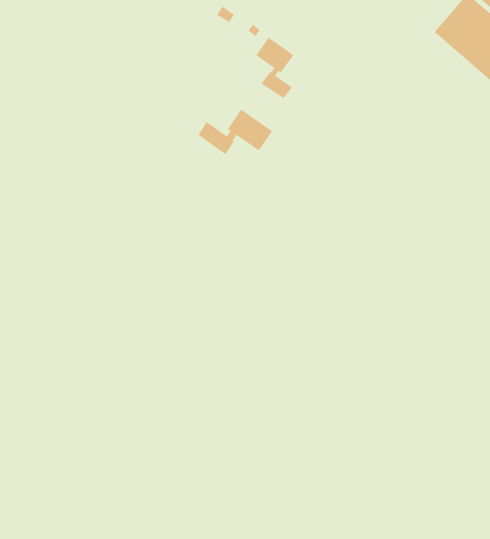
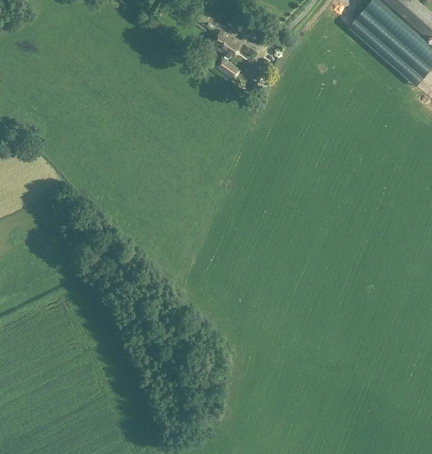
building: [198,109,273,155] -> none

